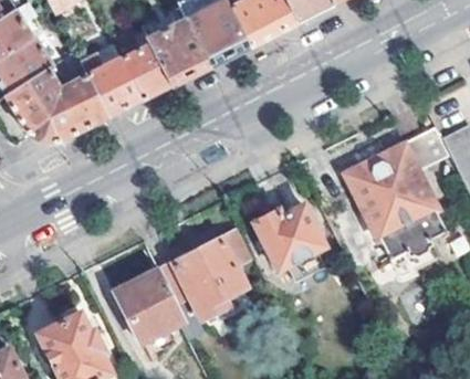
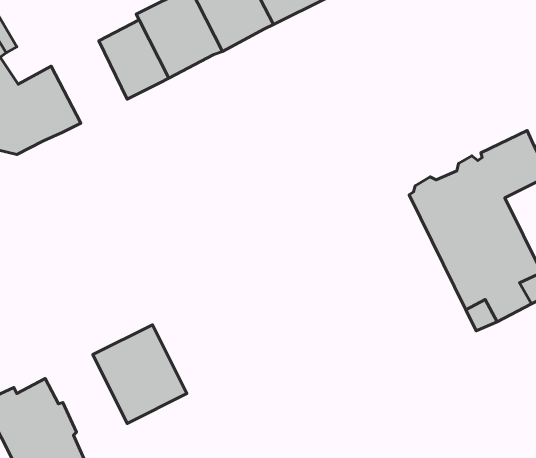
building: [77,55,139,119] -> none
building: [253,204,325,269] -> none
building: [158,230,250,318] -> none

